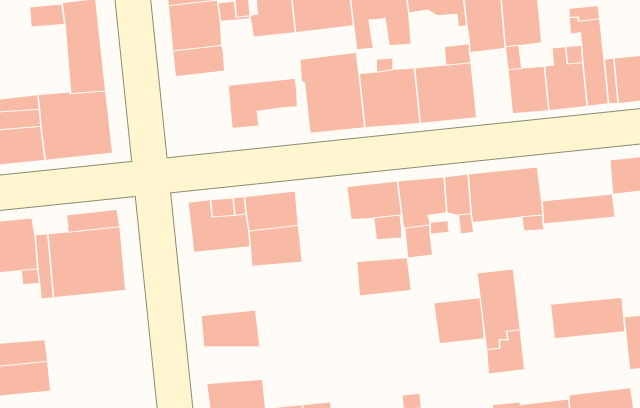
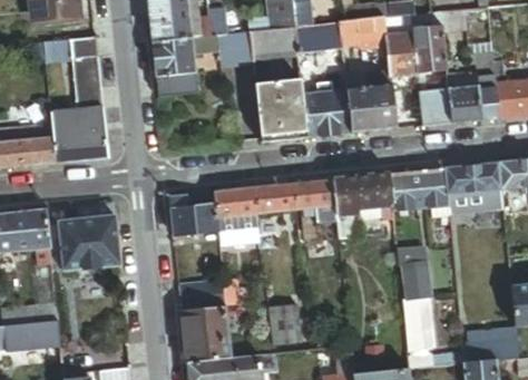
building: [228,78,297,129] -> none
building: [356,258,412,296] -> [253,183,296,213]
building: [434,297,484,344] -> none
building: [550,297,625,339] -> [443,162,502,194]
building: none -> [270,304,302,345]
building: none -> [180,309,227,338]

